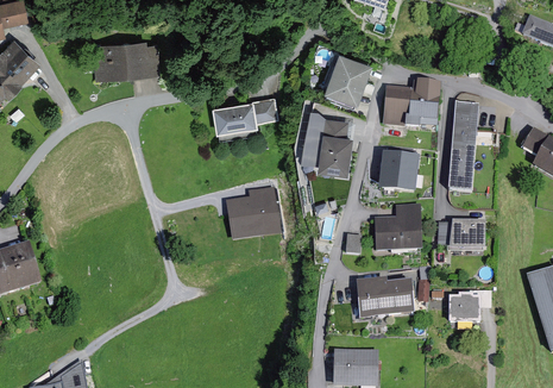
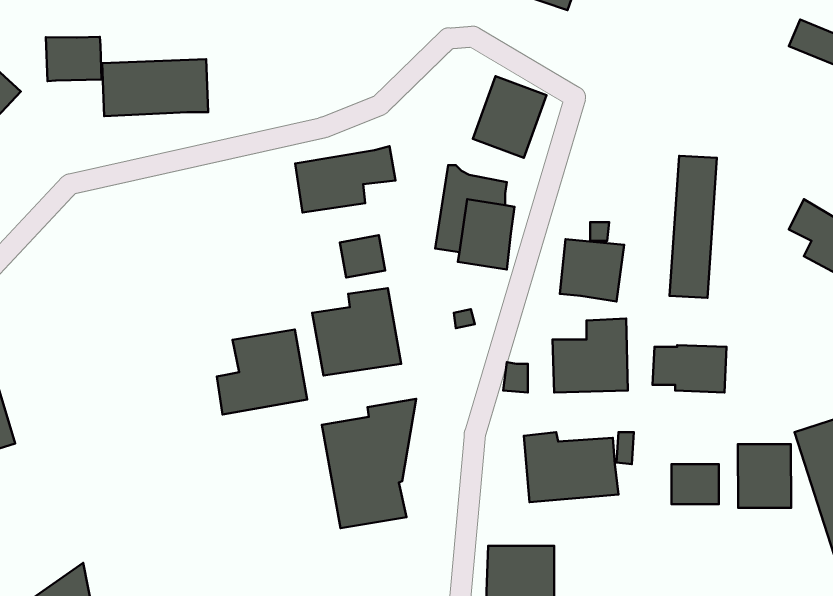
building: none -> [46,37,102,81]
building: [383,80,438,126] -> none
building: none -> [340,235,385,278]
building: none -> [217,330,307,414]
building: none -> [322,399,416,528]
building: none -> [738,444,791,508]

